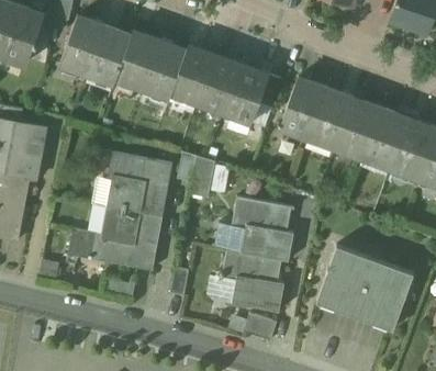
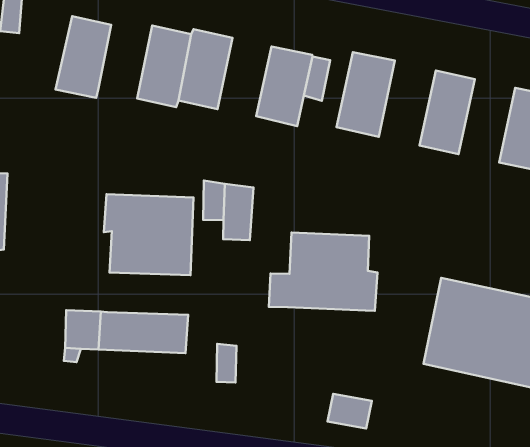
building: [59,15,105,75] -> none
building: [116,30,160,89] -> none
building: [198,56,242,113] -> none
building: [308,88,354,149] -> none
building: [361,109,407,169] -> none
building: [101,207,163,245] -> none
building: [223,249,283,312] -> none

